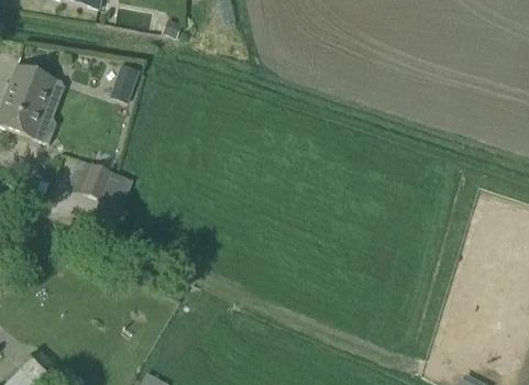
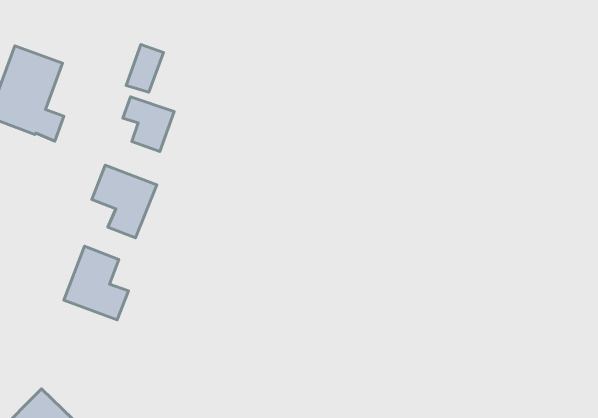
building: none -> [123,97,174,151]
building: none -> [64,246,128,320]

